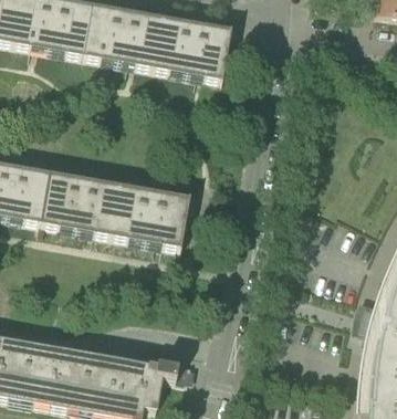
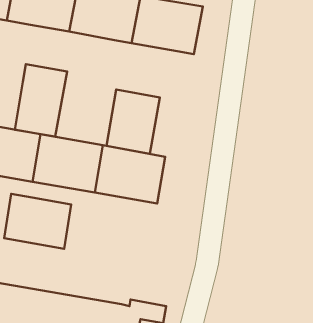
building: none -> [15,64,67,137]
building: none -> [106,89,160,154]
building: none -> [4,194,71,249]

